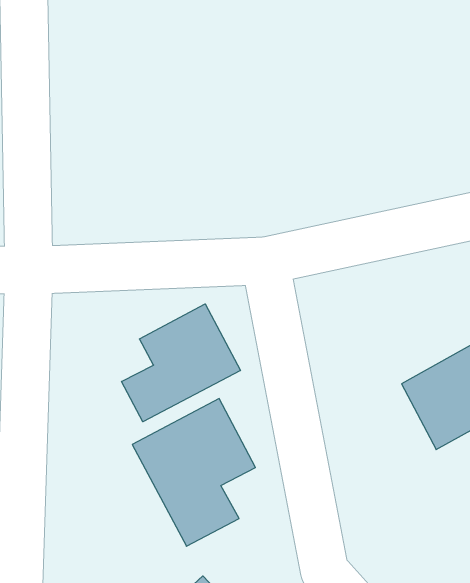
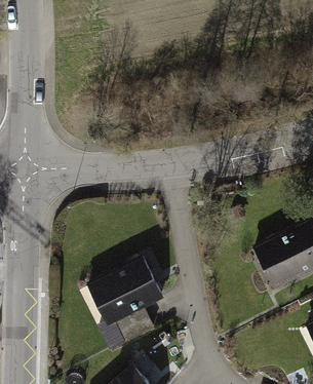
building: [122,304,240,422] -> none

